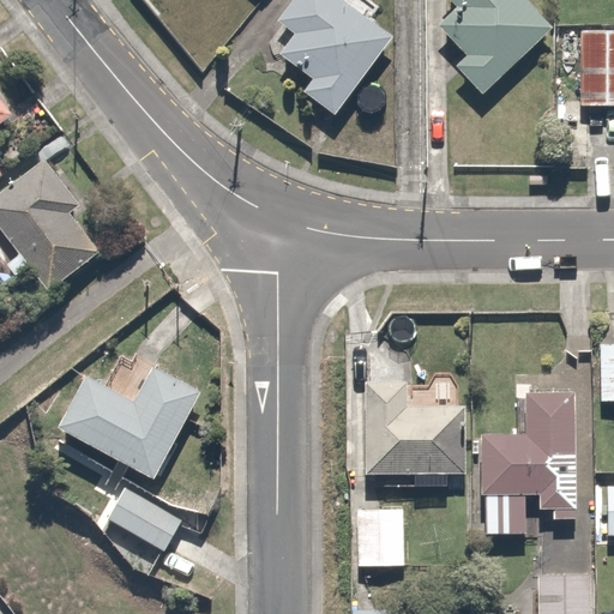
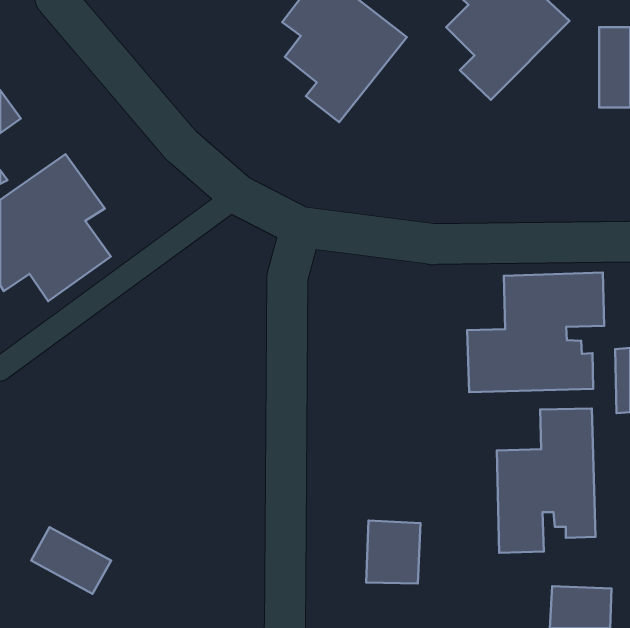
building: none -> [467,273,604,392]
building: [54,354,204,478] -> none
building: [363,387,471,476] -> none
building: [103,487,181,552] -> [31,527,111,594]

